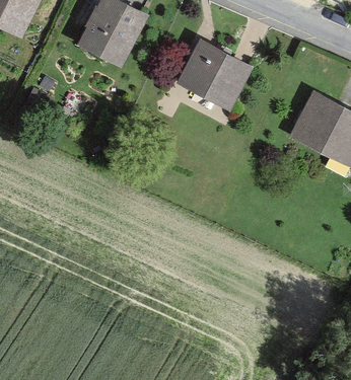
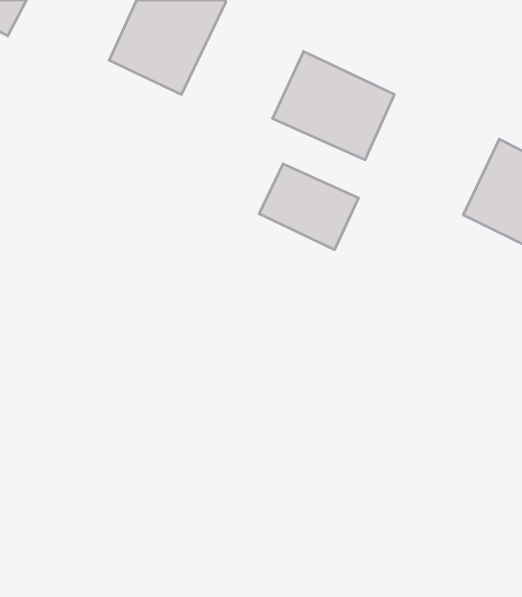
building: none -> [259,164,358,250]

